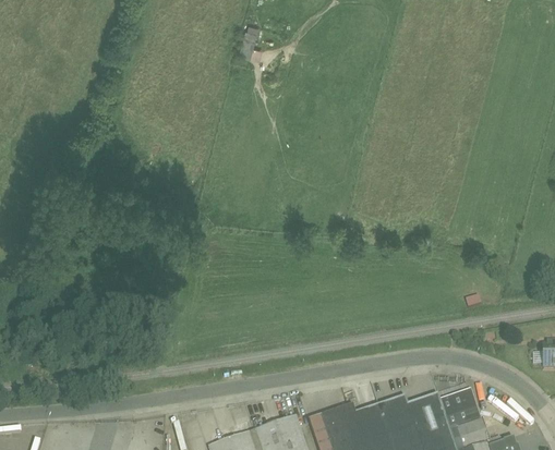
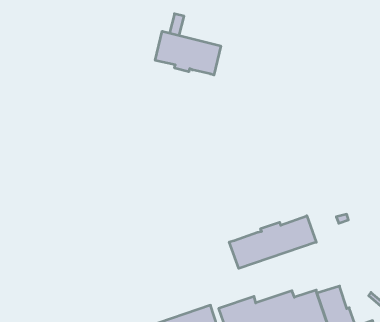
building: none -> [155,31,221,75]
building: none -> [229,216,316,268]

